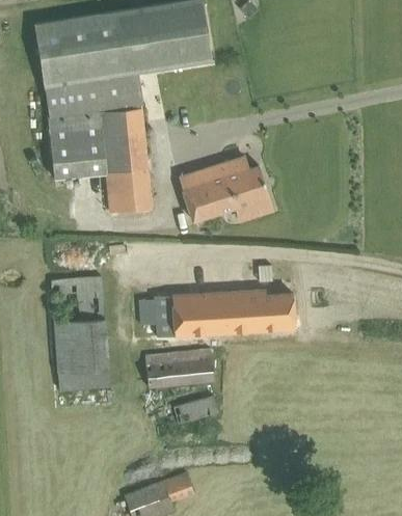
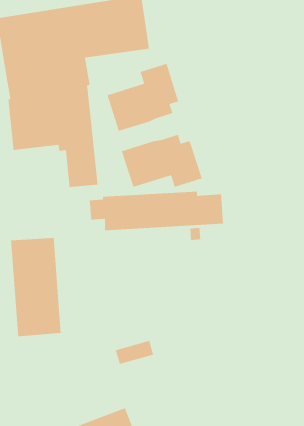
building: none -> [107,63,179,132]
building: [138,290,294,336] -> [89,191,224,231]
building: [144,349,214,387] -> none

